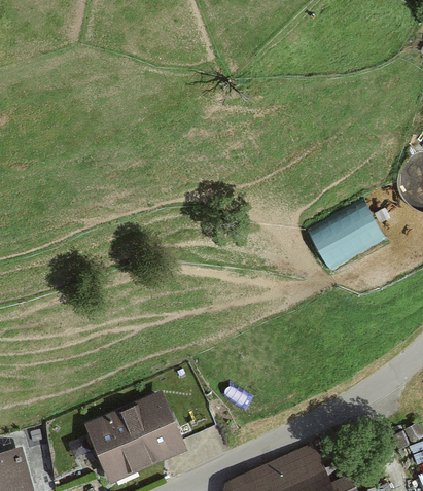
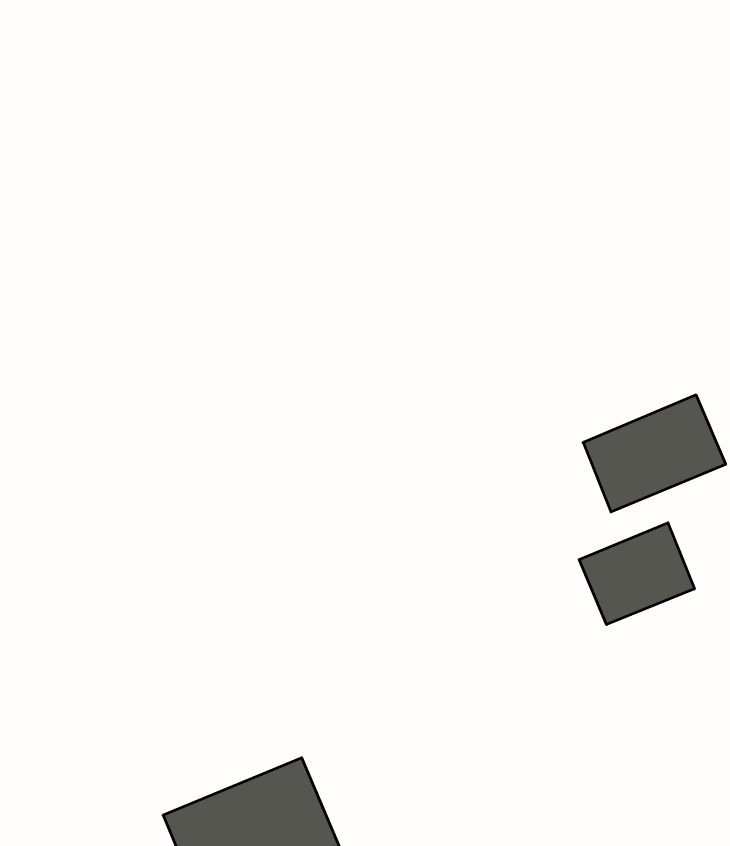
building: none -> [579,523,694,625]

